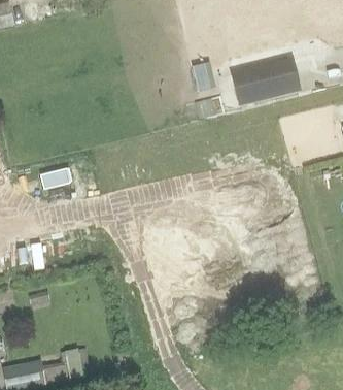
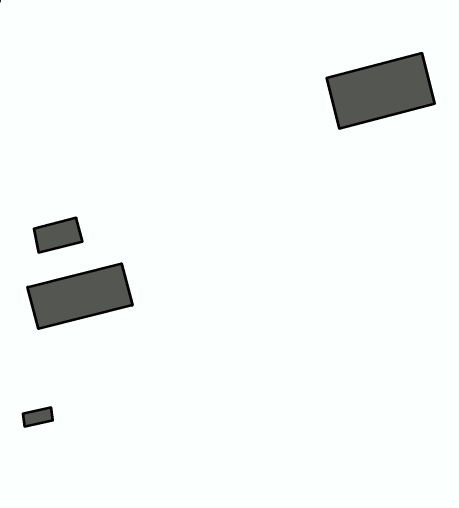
building: none -> [28,264,132,329]

